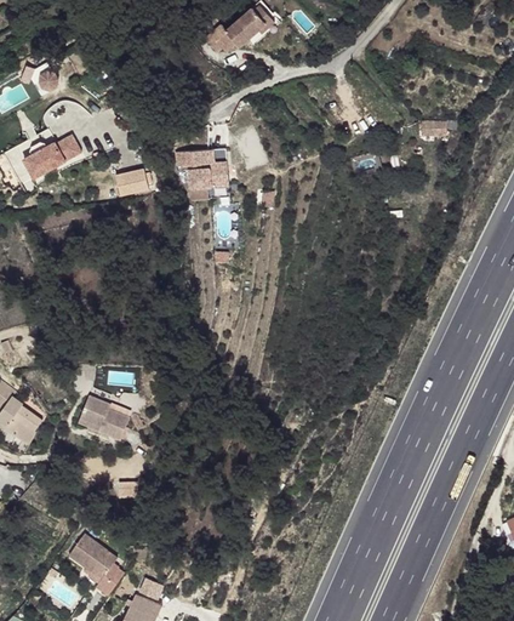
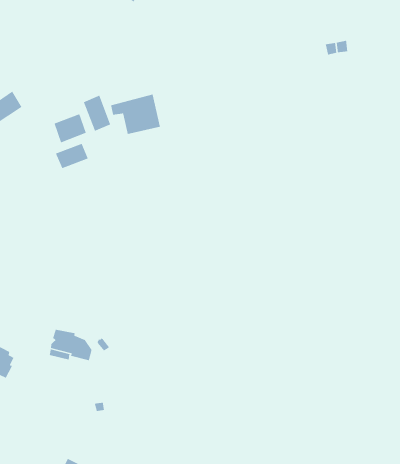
building: none -> [83,95,111,132]
building: none -> [55,143,89,169]

